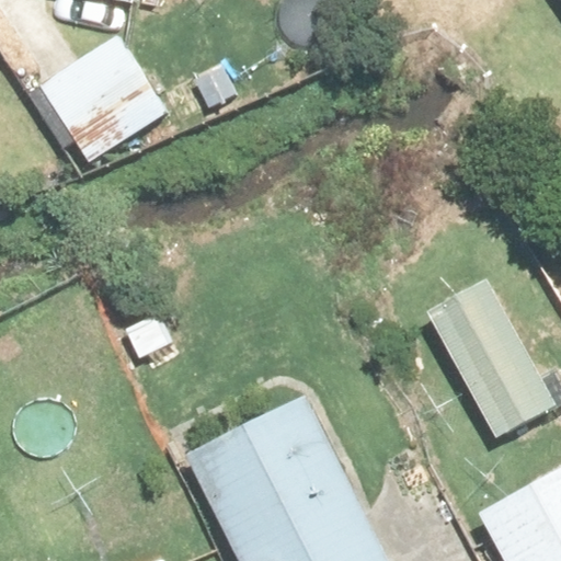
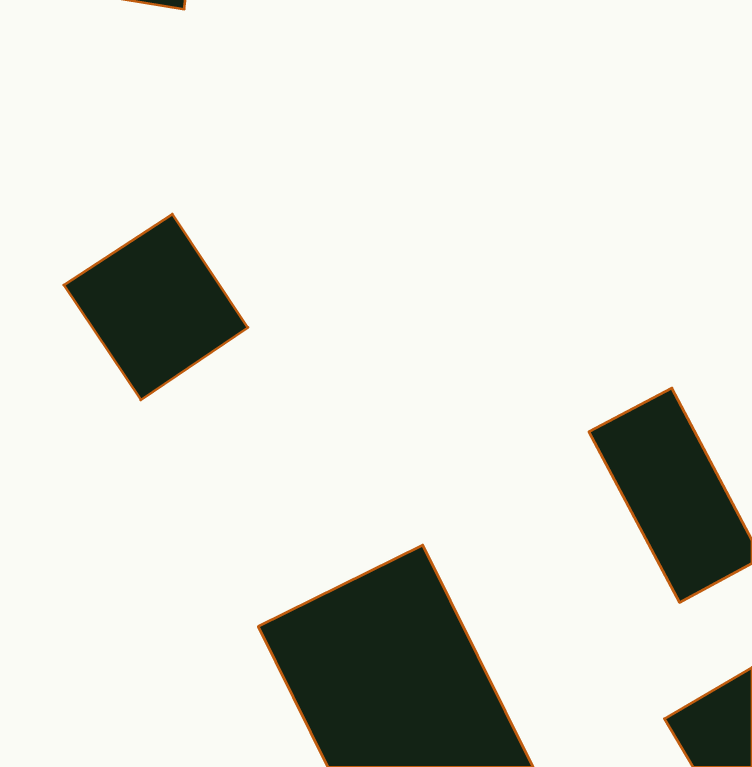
building: [33,33,167,168] -> [64,214,248,400]

